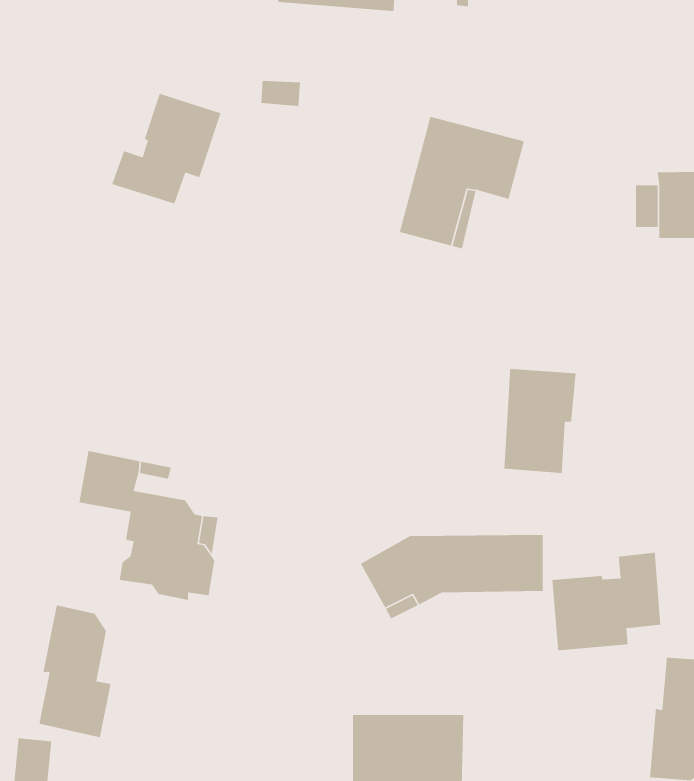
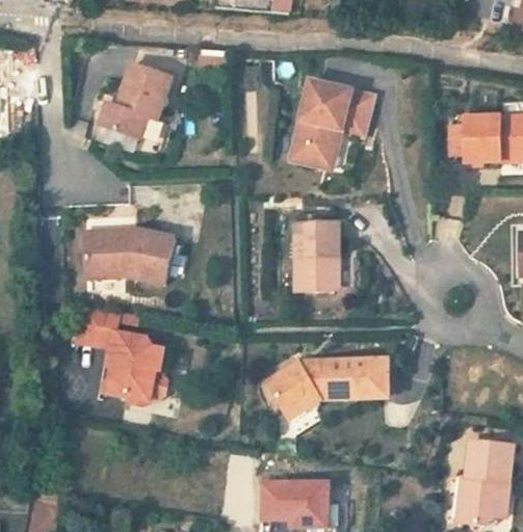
building: none -> [83,229,175,284]
building: [503,368,576,474] -> [288,221,337,292]
building: [551,552,661,651] -> none
building: [38,605,112,738] -> none

